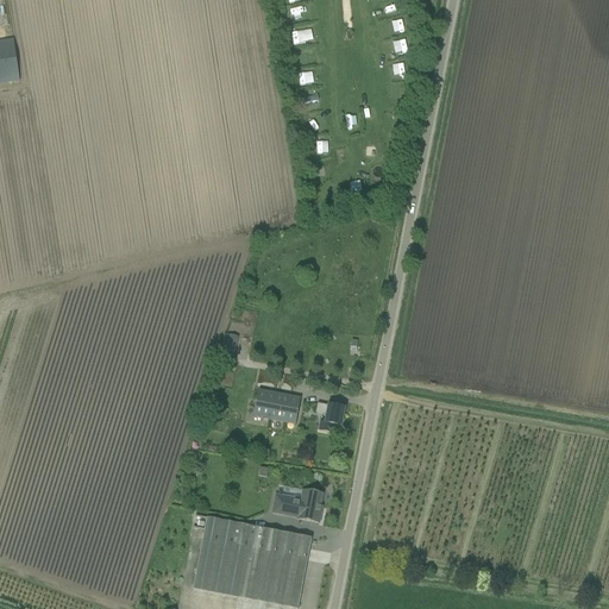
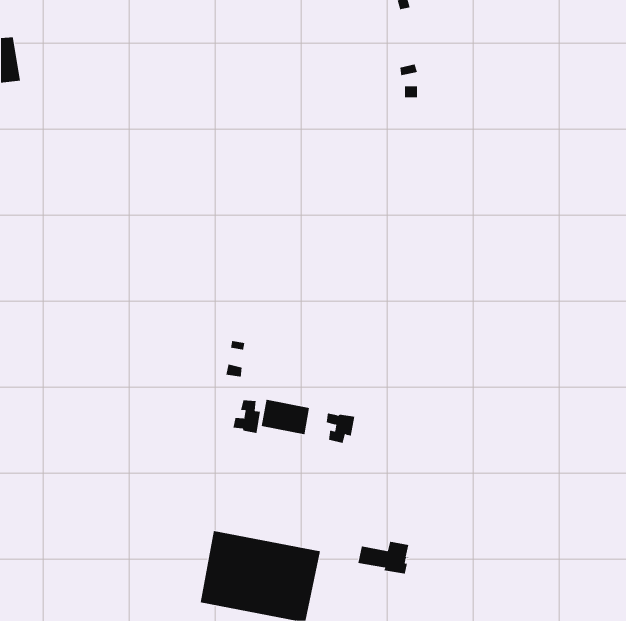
building: none -> [233,399,261,434]
building: [272,488,322,520] -> [358,541,409,574]

